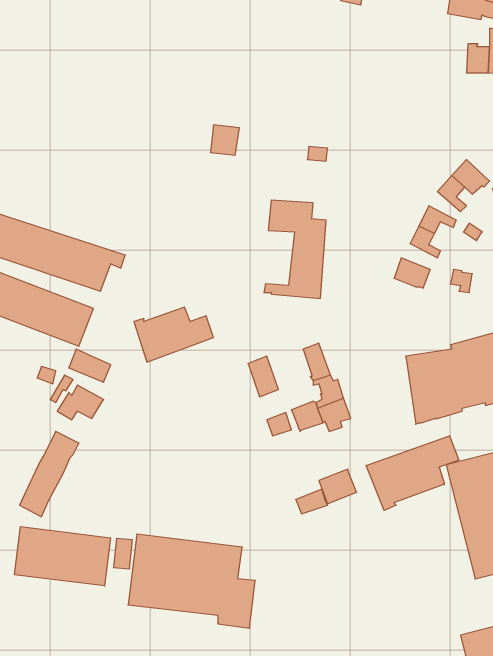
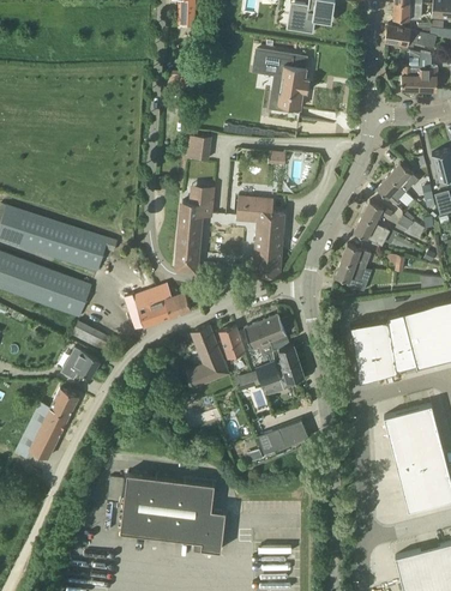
building: none -> [253,50,309,121]
building: none -> [176,188,214,270]
building: none -> [335,261,368,293]
building: none -> [243,320,273,358]
building: none -> [186,326,229,390]
building: [366,436,459,510] -> none
building: [15,527,110,586] -> none

